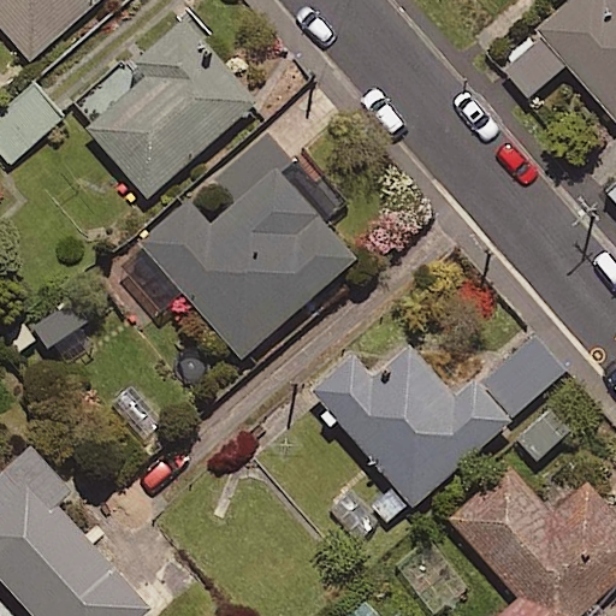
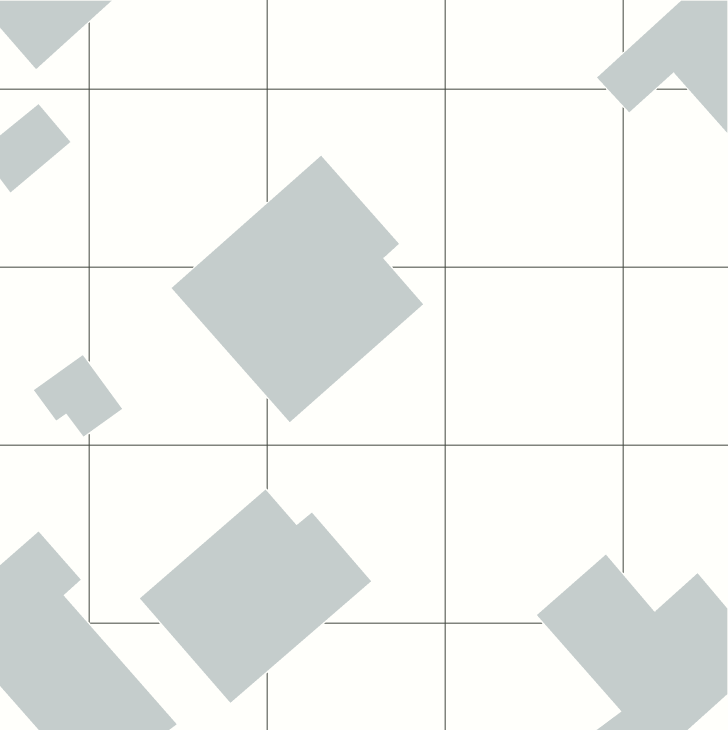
building: [81,26,259,201] -> none
building: [310,322,564,532] -> none
building: none -> [139,488,372,704]

